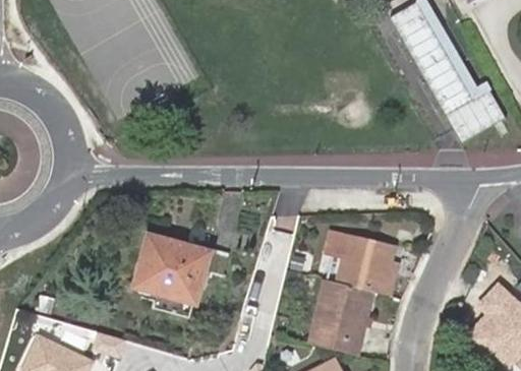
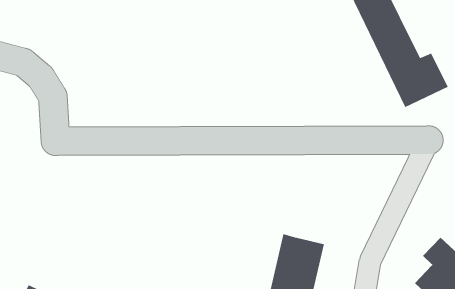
building: [134,234,207,303] -> none
building: [335,234,396,297] -> none

